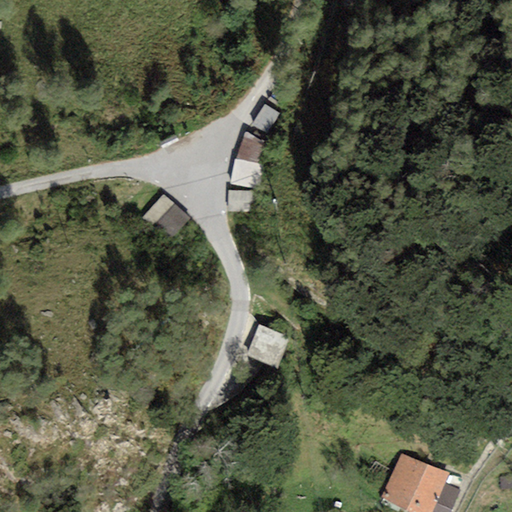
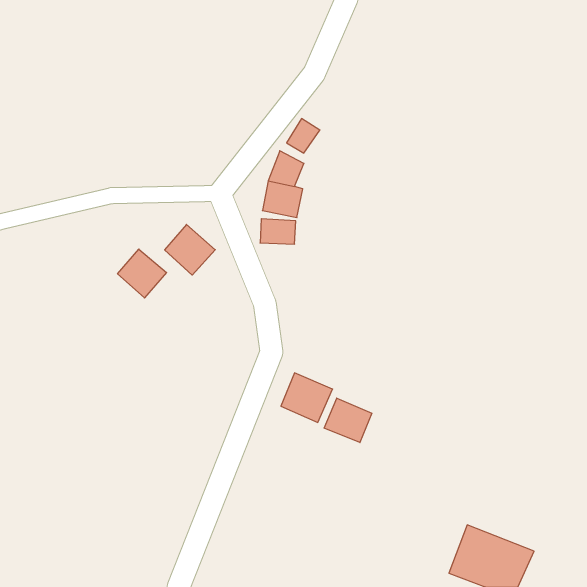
building: none -> [118,249,167,298]
building: none -> [324,398,372,443]

